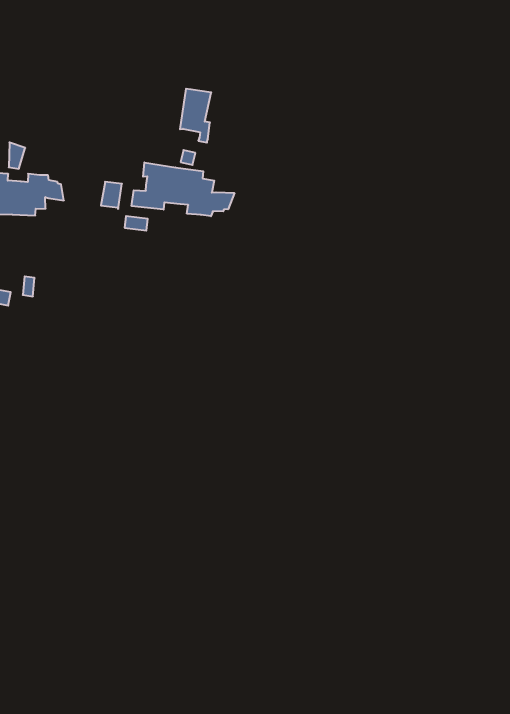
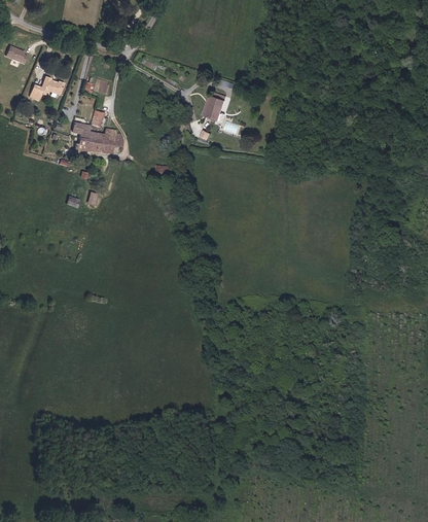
building: [132,162,234,216] -> none

